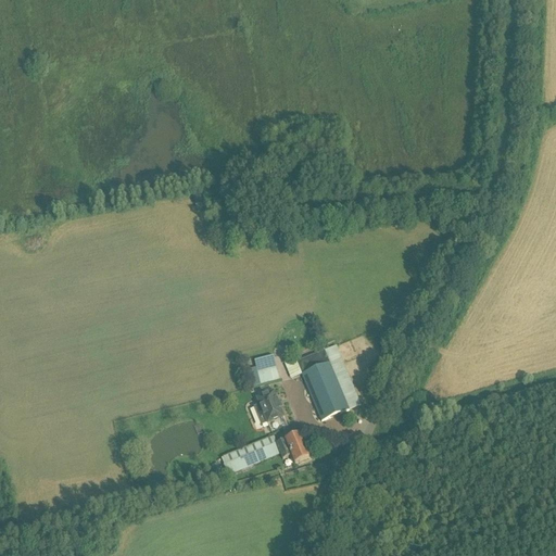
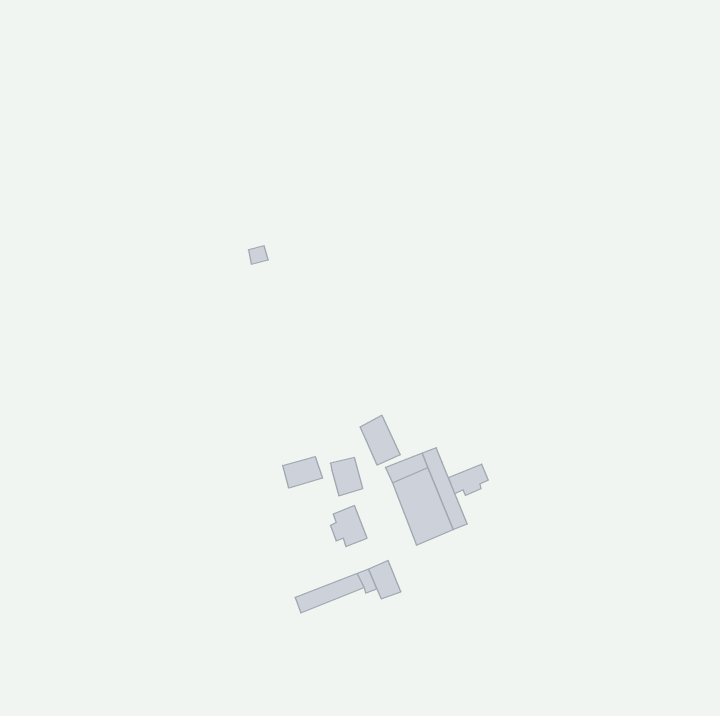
building: none -> [360,415,400,465]
building: none -> [283,457,322,488]
building: none -> [449,464,488,495]

